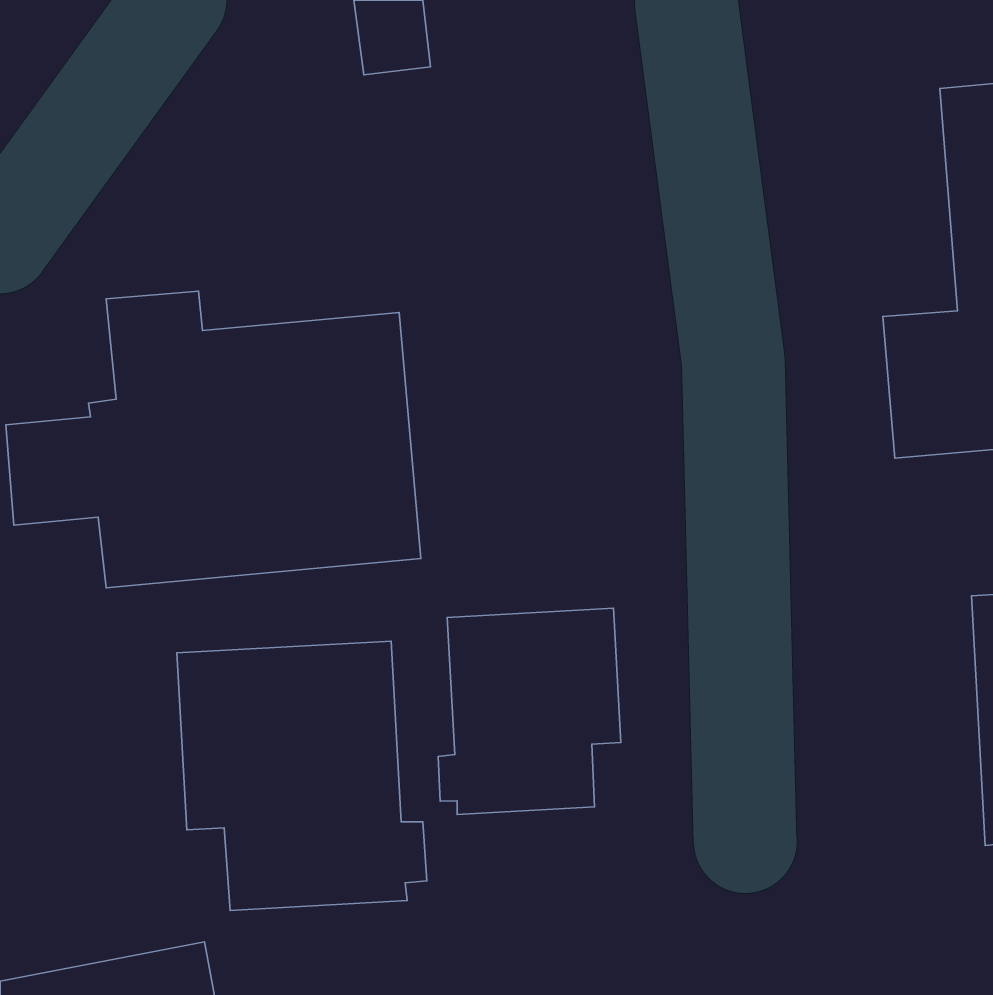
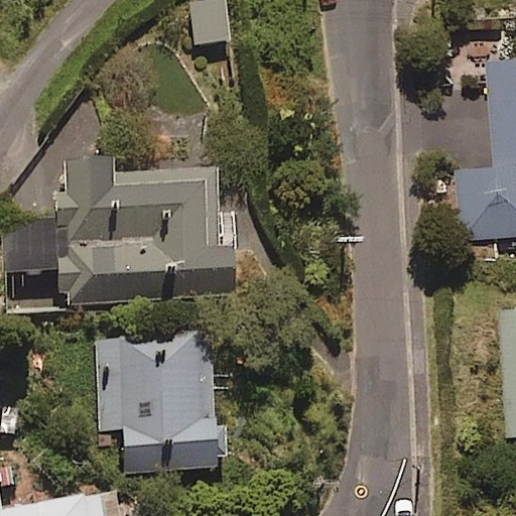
building: [438,608,621,814] -> none

